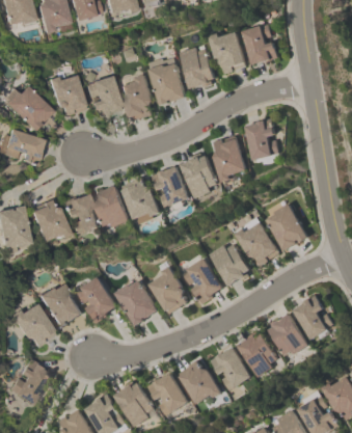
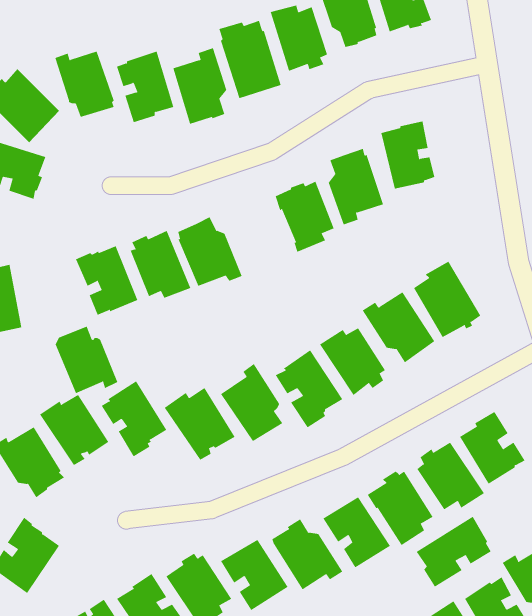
building: [153,166,190,210] -> none
building: [29,200,67,242] -> [55,326,118,394]
building: none -> [416,516,492,588]

